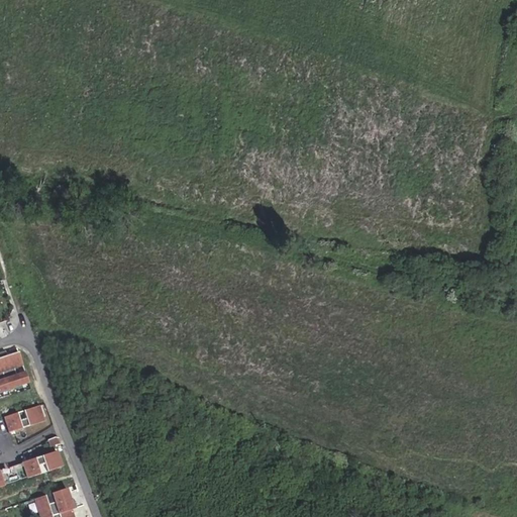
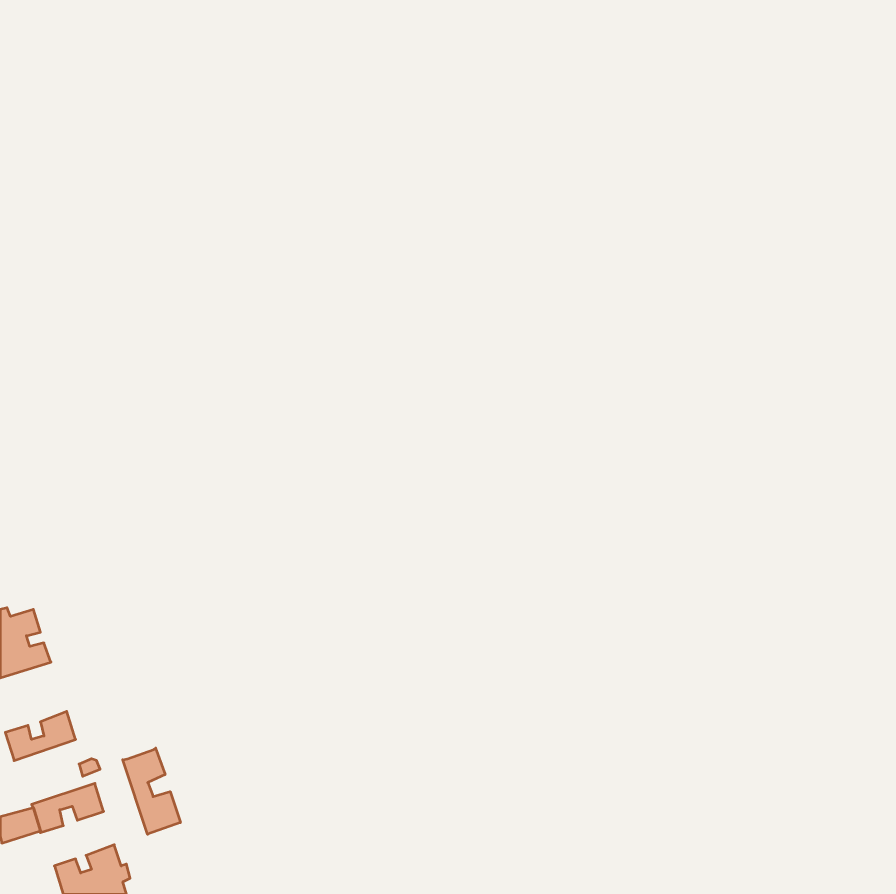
building: none -> [123,748,180,834]

